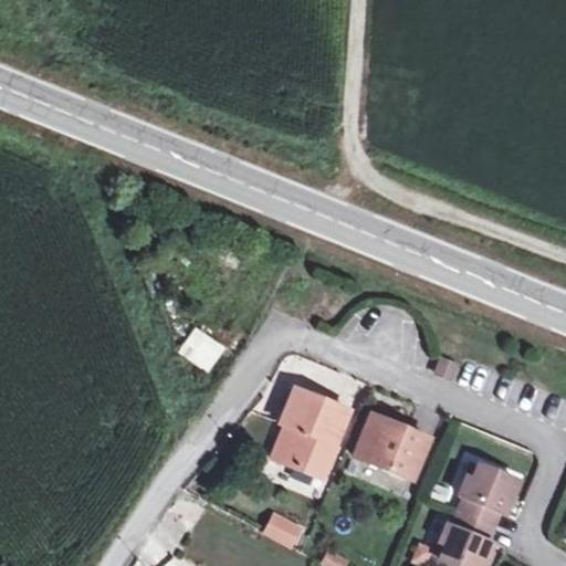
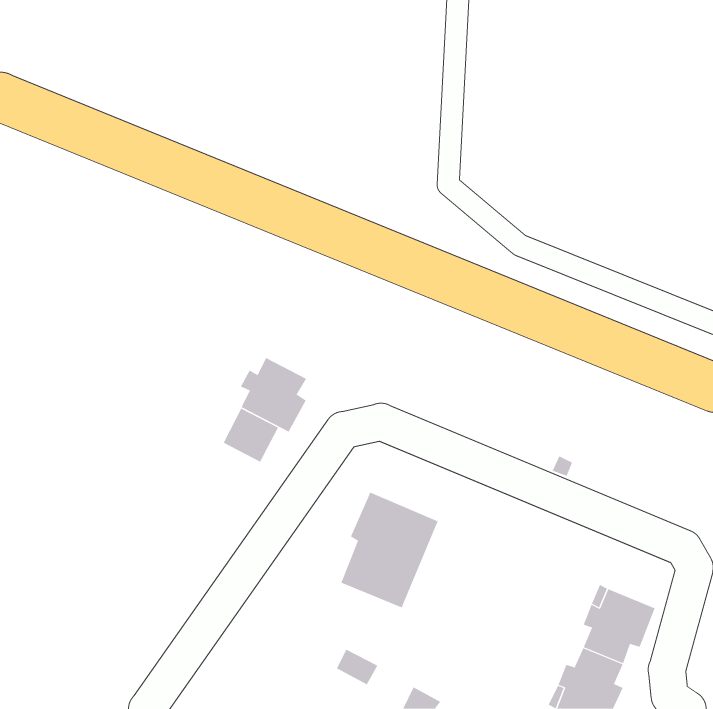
building: none -> [240,357,307,433]
building: [355,418,430,480] -> none

